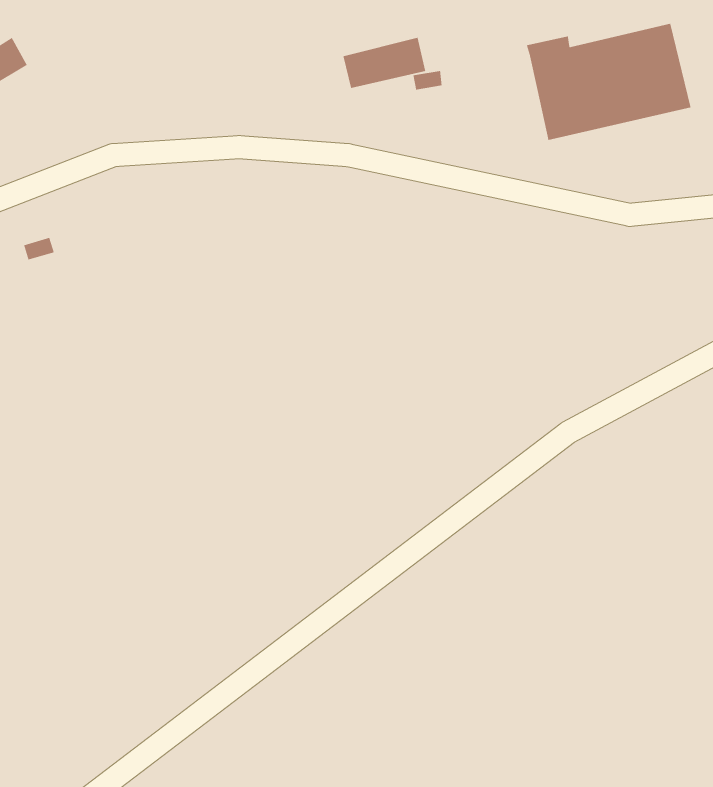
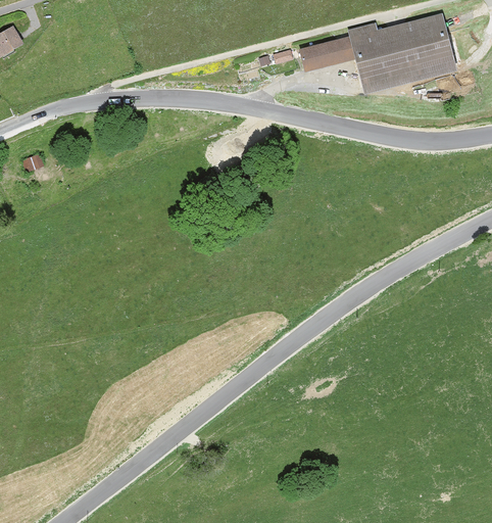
building: [343,37,426,89] -> [301,37,355,70]

